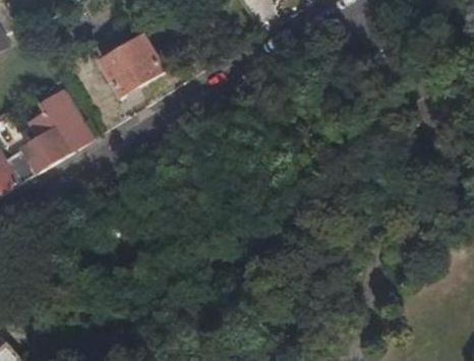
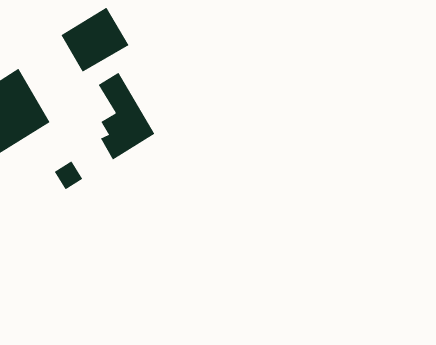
building: none -> [98,72,155,160]

